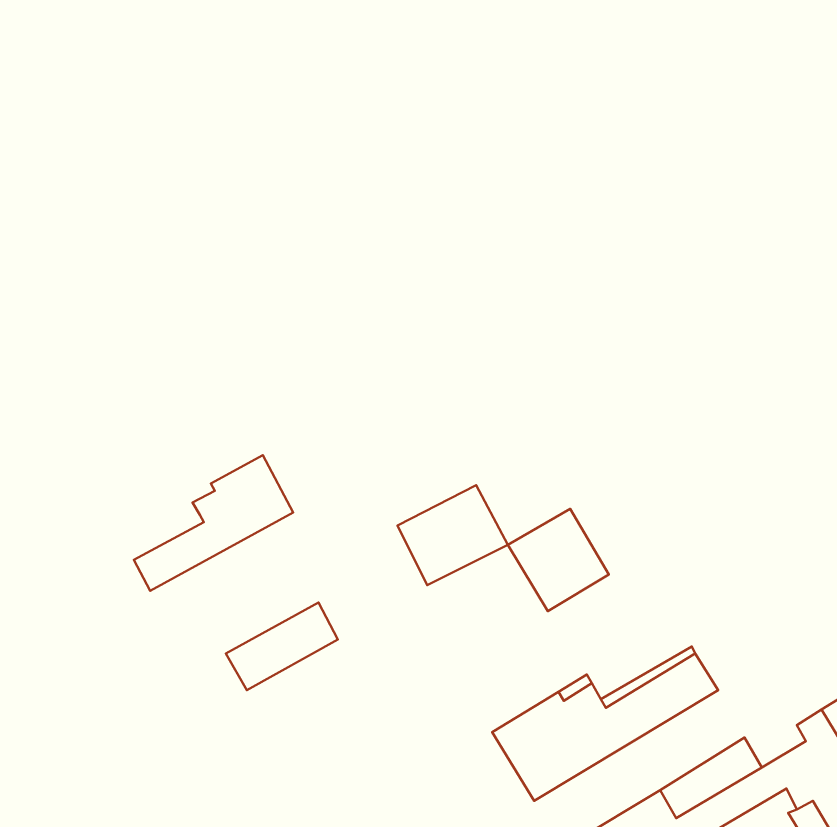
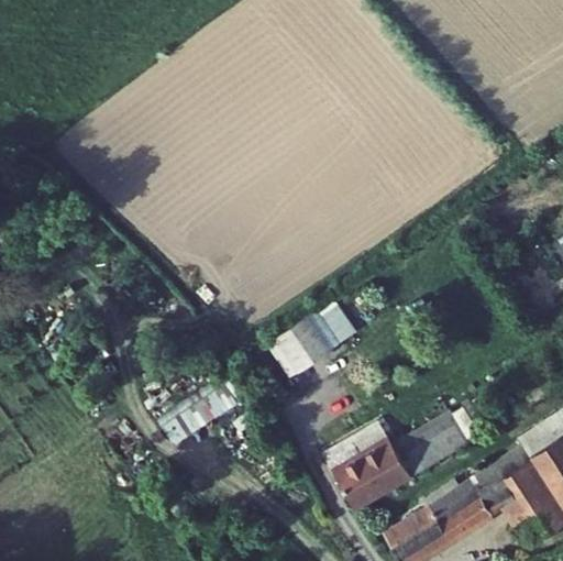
building: [134,455,293,591] -> none
building: [508,509,609,611] -> none

